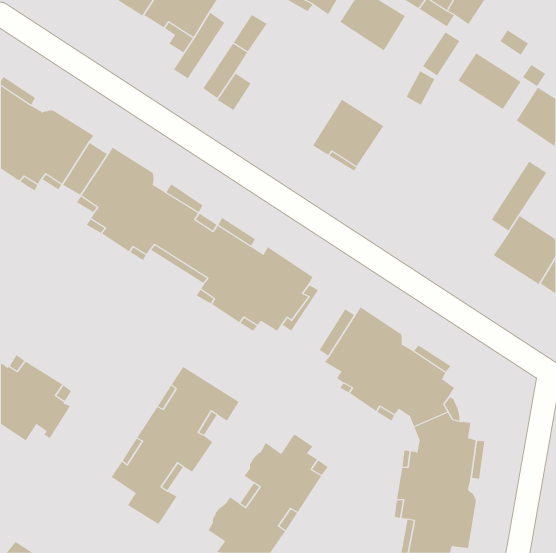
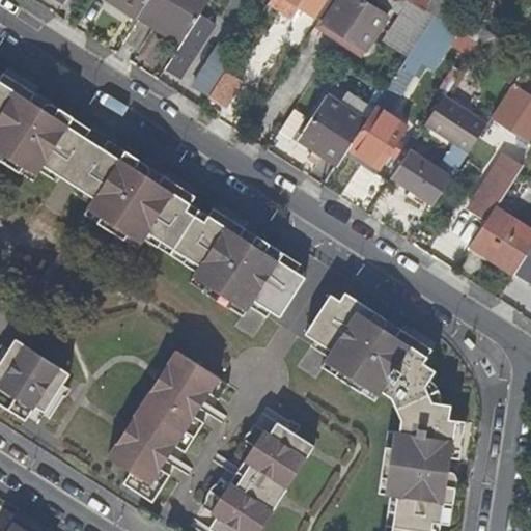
building: [457,52,522,110] -> [425,95,486,150]
building: none -> [348,105,406,167]
building: none -> [391,148,452,203]

